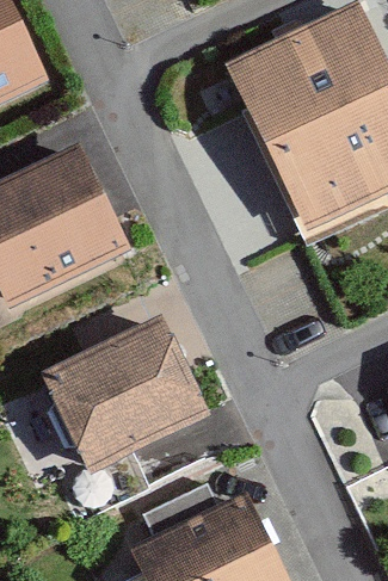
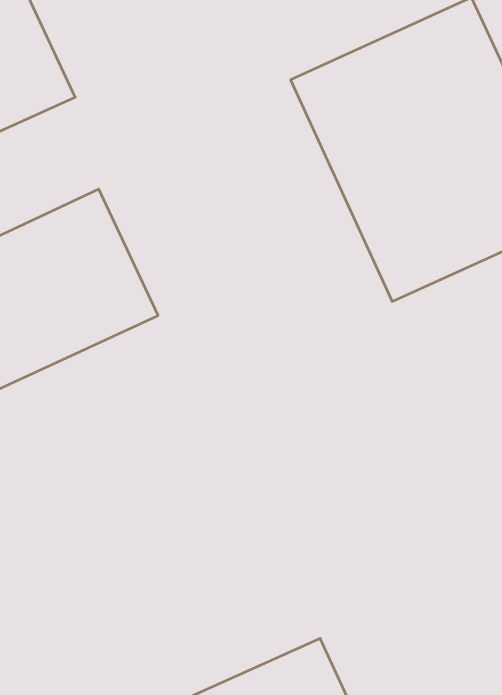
building: [37,319,201,465] -> none

